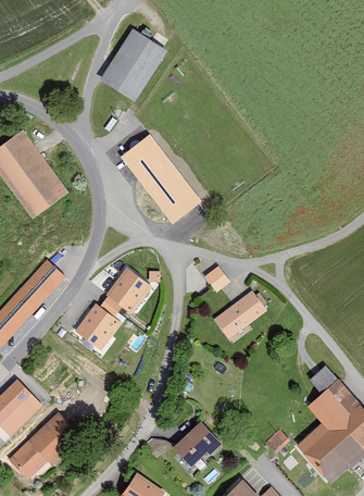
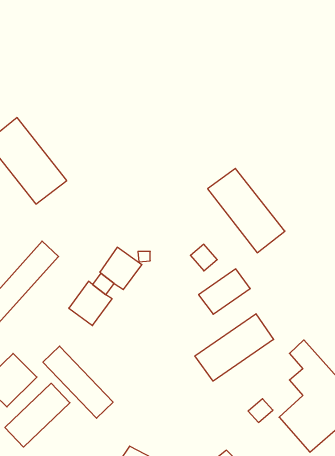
building: [109,29,171,99] -> none
building: [118,134,200,223] -> [208,168,285,253]
building: none -> [195,314,274,381]
building: none -> [43,346,113,418]
building: [174,421,225,472] -> none

